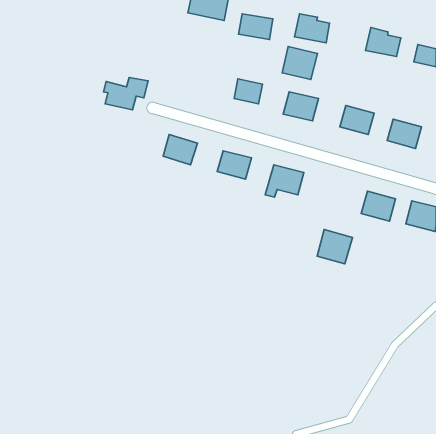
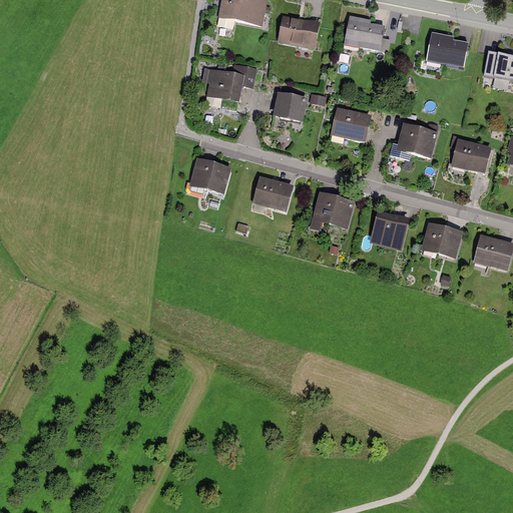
building: [282,47,317,79] -> none
building: [103,77,148,110] -> [204,63,256,101]
building: [317,230,352,264] -> [371,209,412,249]

